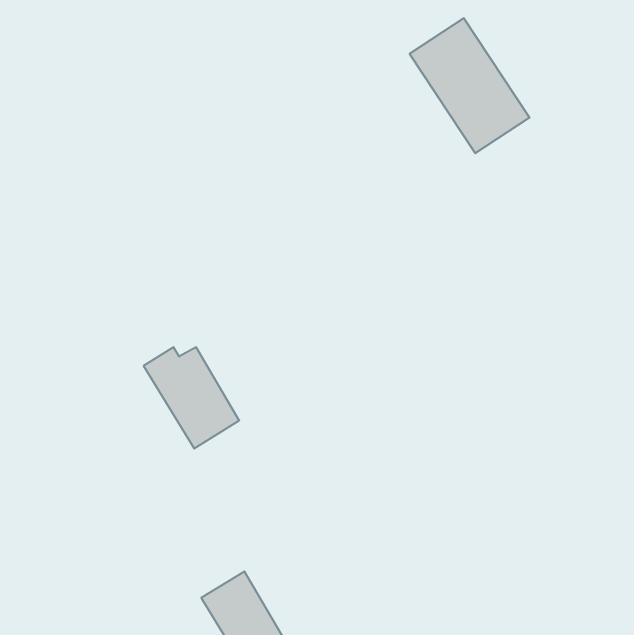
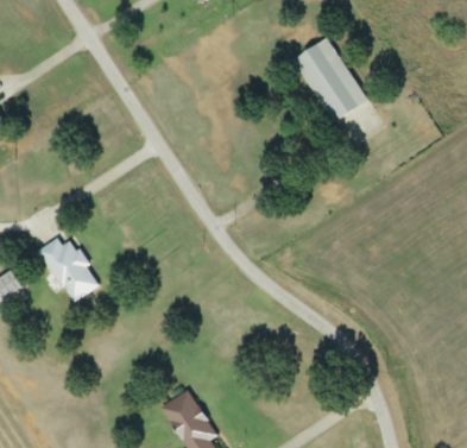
building: [144,347,239,449] -> [38,238,99,302]

